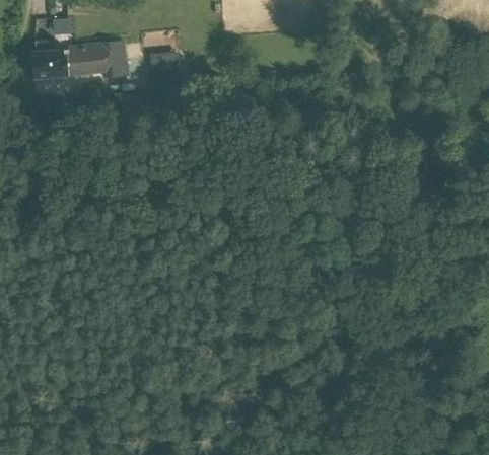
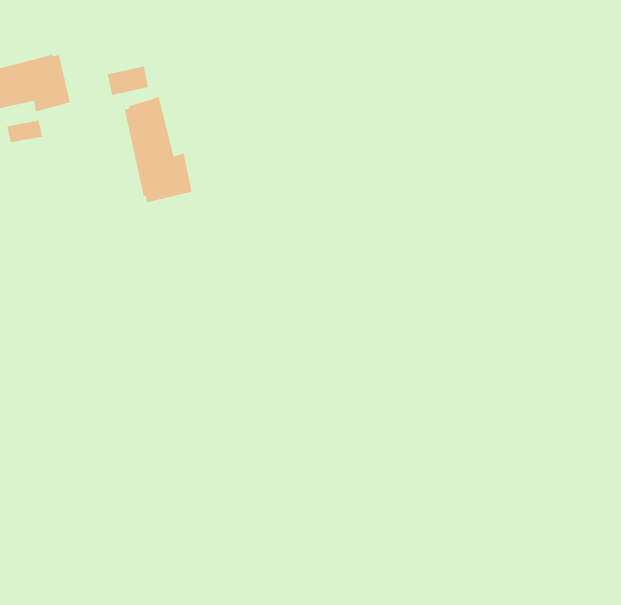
building: none -> [124,96,192,203]

